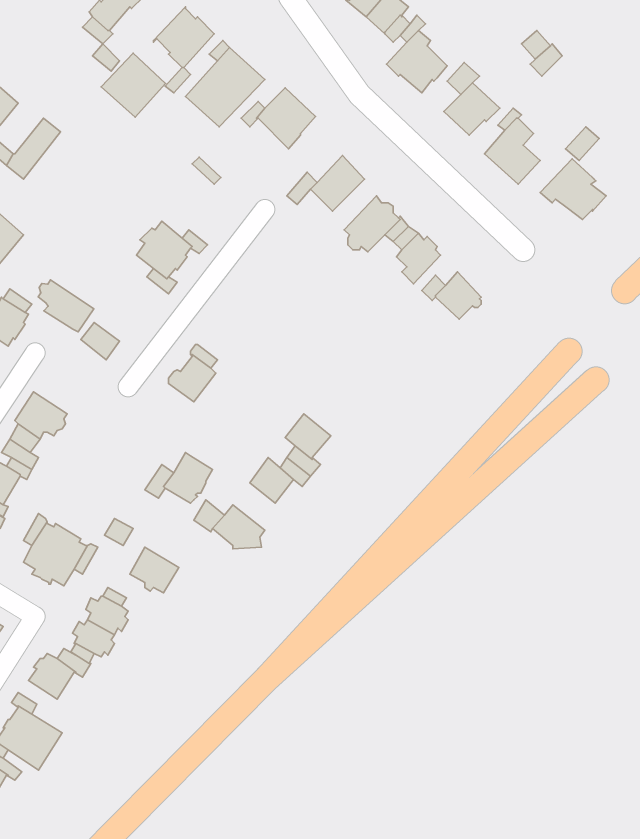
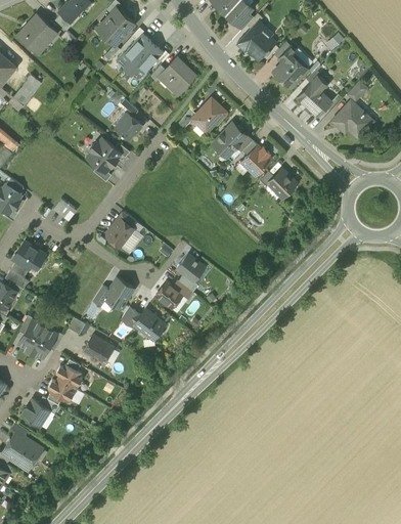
building: [101,53,165,117] -> [17,15,56,54]
building: none -> [116,114,142,141]
building: [38,280,94,332] -> none

